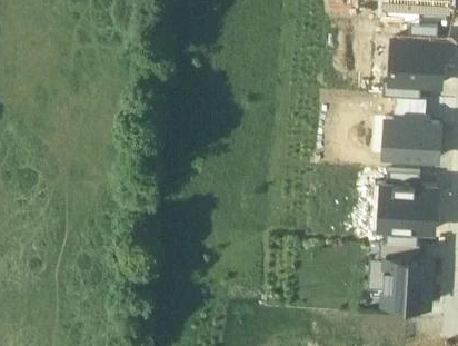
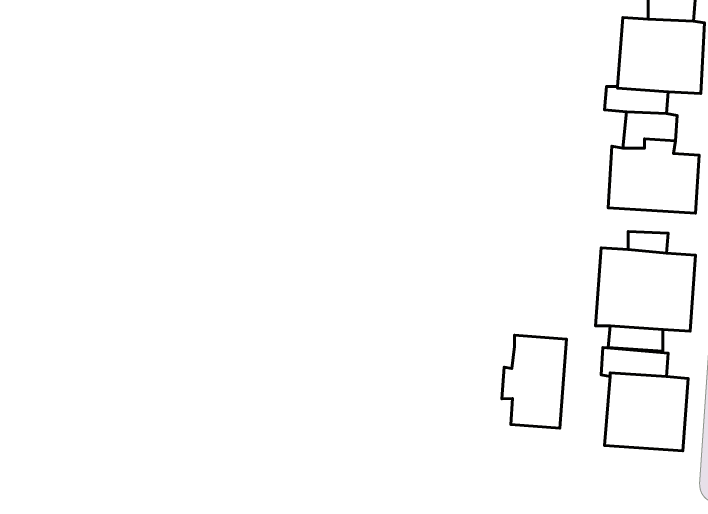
building: none -> [502,335,566,428]

